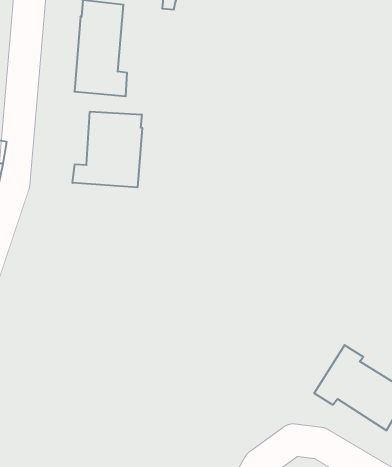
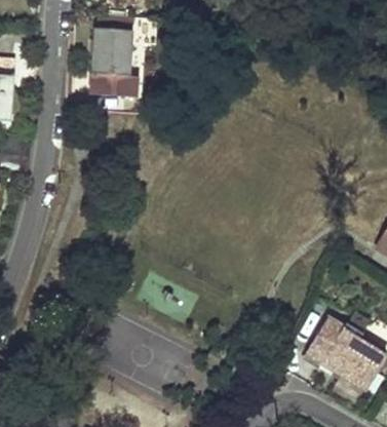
building: [72,112,142,187] -> none

